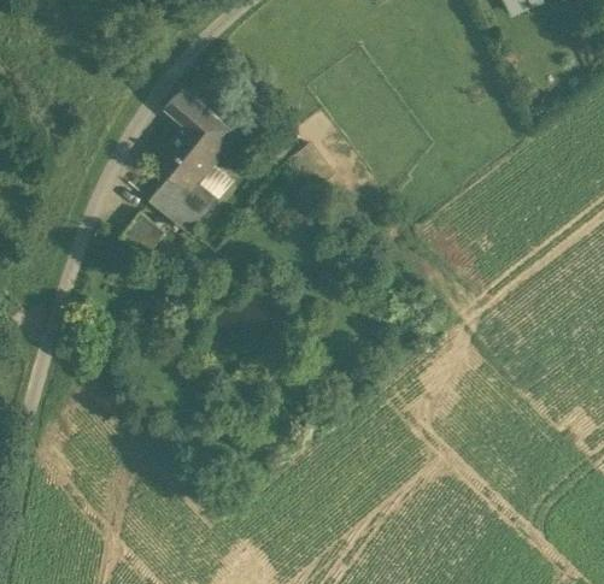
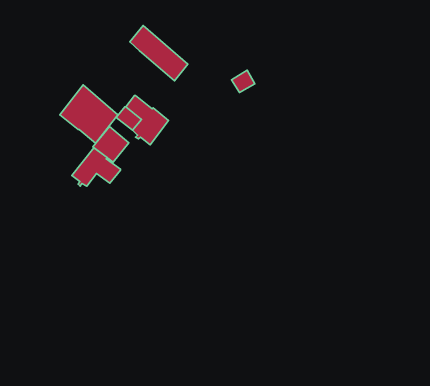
building: [151,114,223,187] -> [60,85,118,143]
building: none -> [72,148,120,186]

